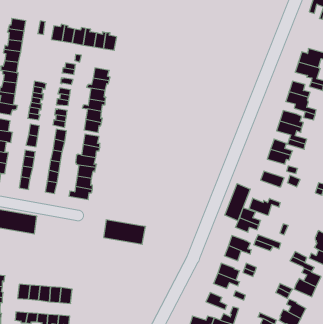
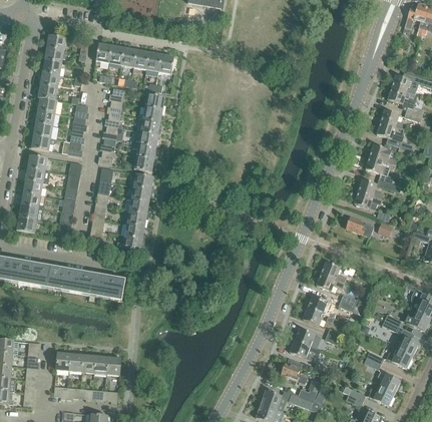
building: [225,184,250,221] -> none
building: [249,198,280,215] -> none
building: [104,220,146,244] -> [75,271,125,300]

